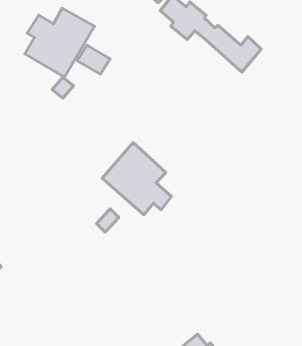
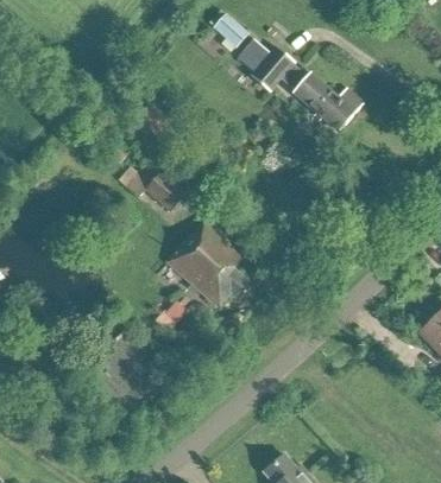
building: [25,8,95,77] -> none
building: none -> [126,159,188,211]

